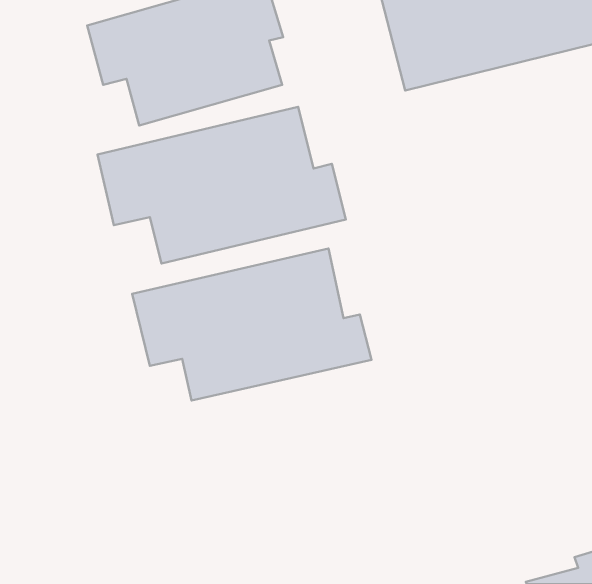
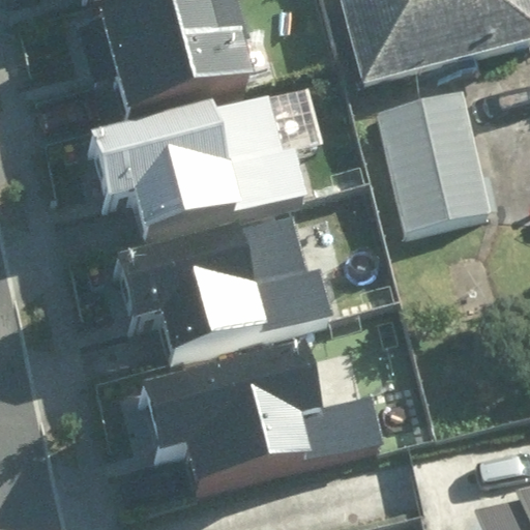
building: none -> [380,85,488,227]
building: none -> [143,353,381,490]

